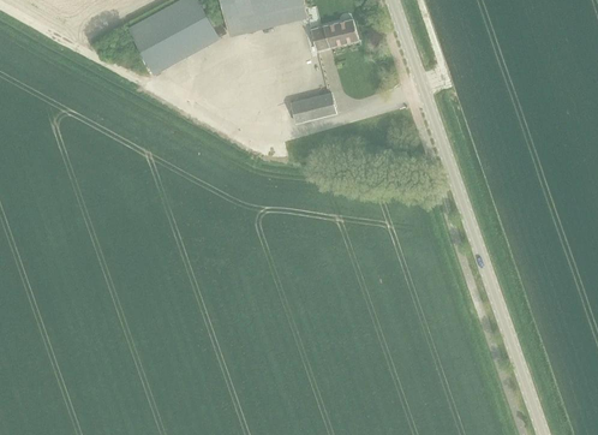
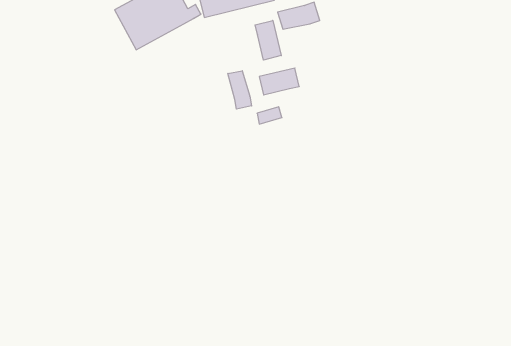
building: none -> [255,20,281,60]
building: none -> [228,71,252,109]

